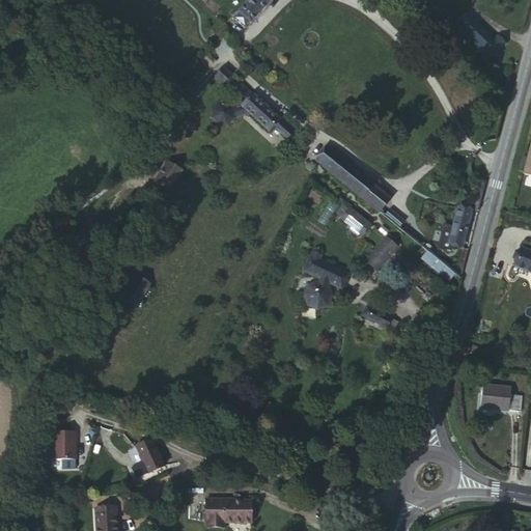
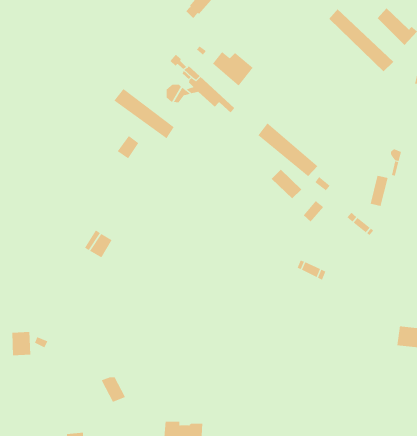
building: none -> [329,9,394,72]
building: none -> [212,51,254,86]
building: none -> [114,88,175,139]
building: [303,251,347,309] -> none
building: [54,429,77,457] -> [11,332,31,356]

